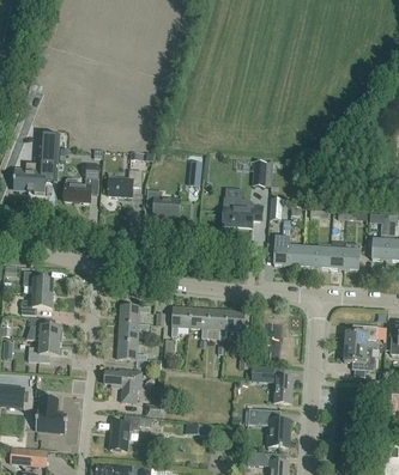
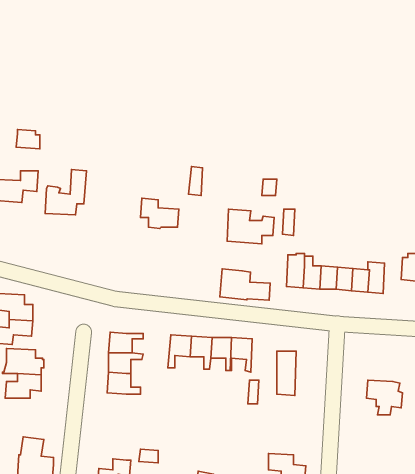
building: [108,169,141,196] -> none
building: none -> [220,269,270,300]
building: [345,324,377,347] -> none
building: [252,366,292,403] -> none
building: [104,367,143,401] -> none

